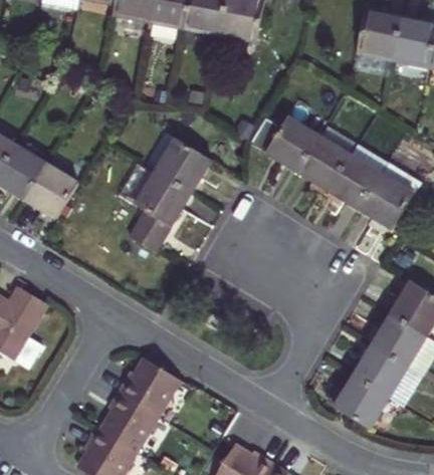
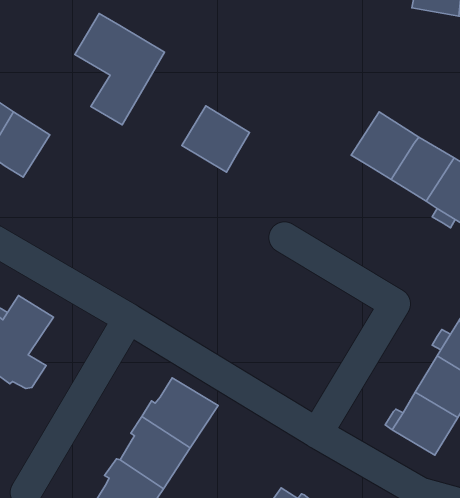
building: [250,116,320,173] -> none
building: [120,155,194,247] -> [75,13,164,125]
building: [25,156,80,211] -> none

